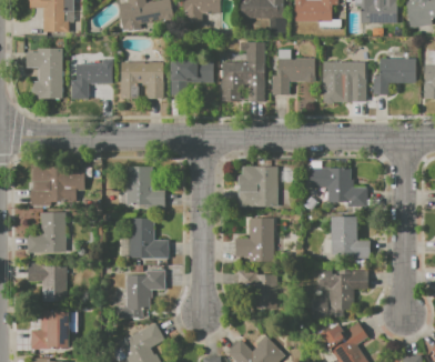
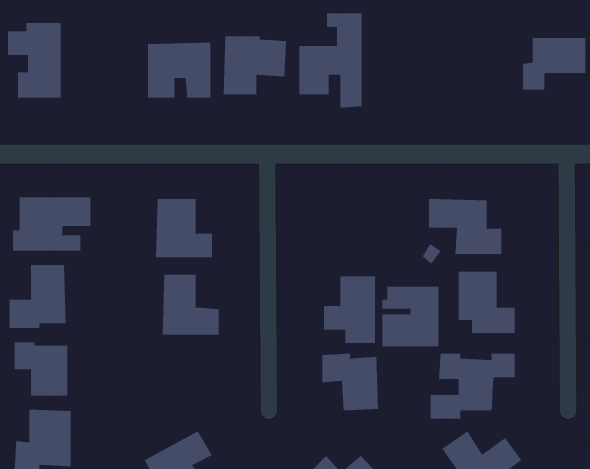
building: [271,59,314,95] -> none
building: [70,60,113,99] -> none
building: [322,61,365,99] -> none
building: [239,167,277,208] -> [382,286,439,347]
building: [118,272,165,318] -> none

